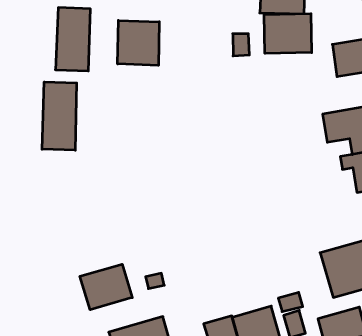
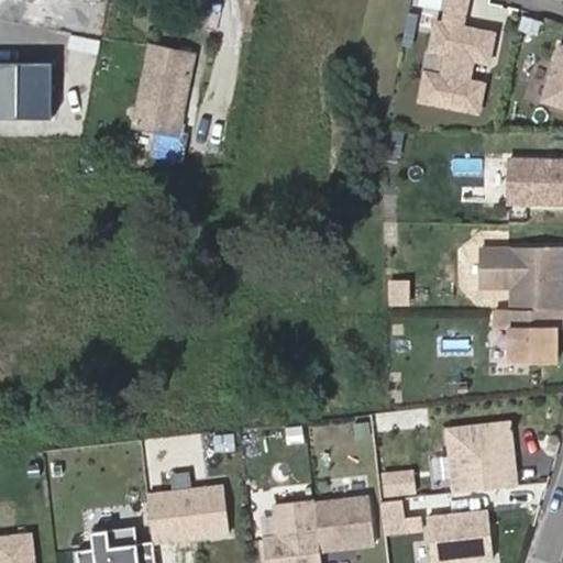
building: [264,14,312,53] -> none
building: [118,20,159,65] -> none
building: [42,82,77,150] -> none
building: [80,264,132,310] -> none

